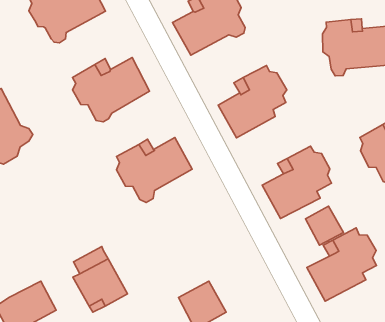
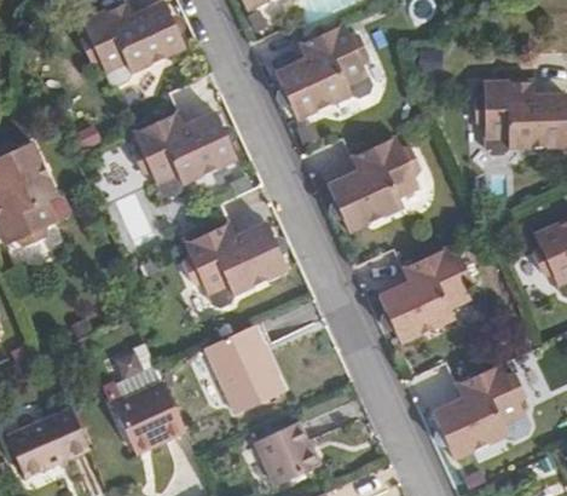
building: [305,206,343,245] -> none
building: none -> [207,325,284,414]

